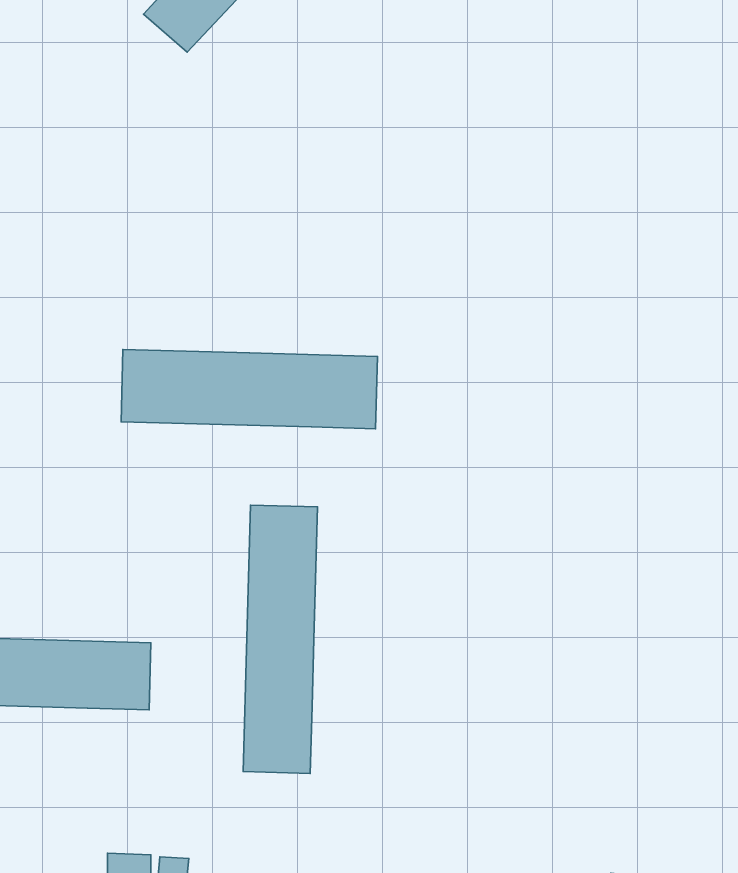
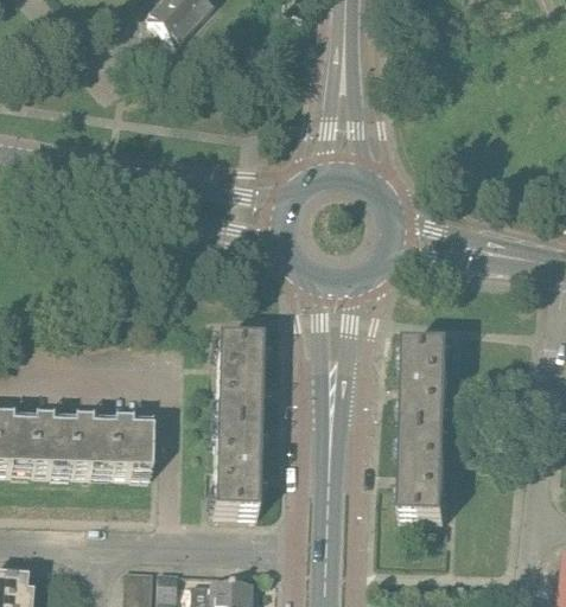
building: [121,350,378,429] -> none
building: none -> [401,340,450,516]

